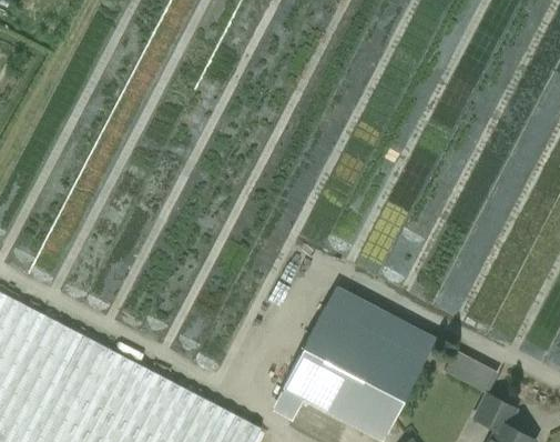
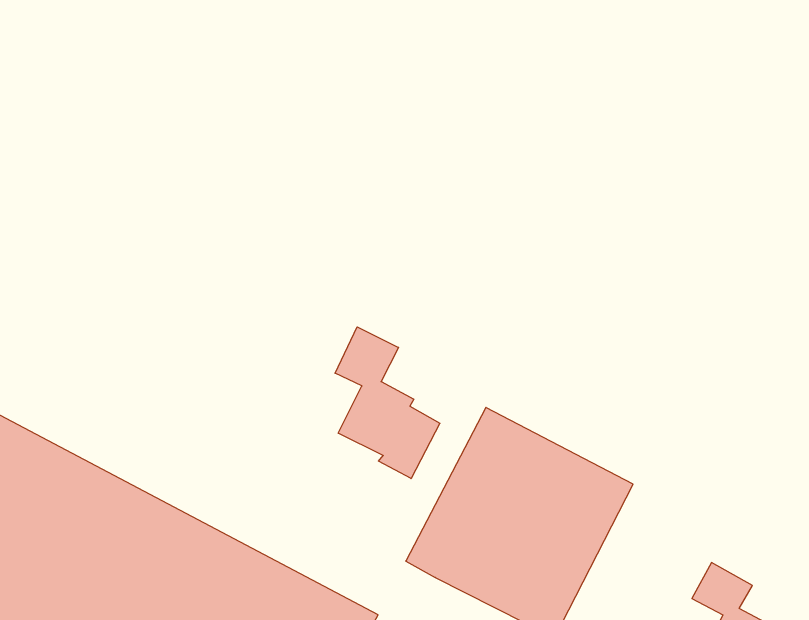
building: none -> [335,327,440,479]
building: [441,348,498,393] -> none

